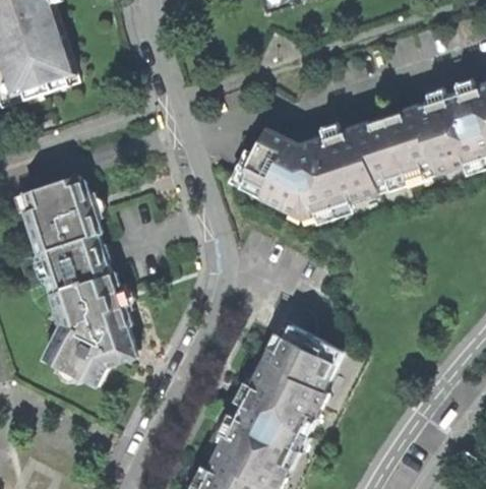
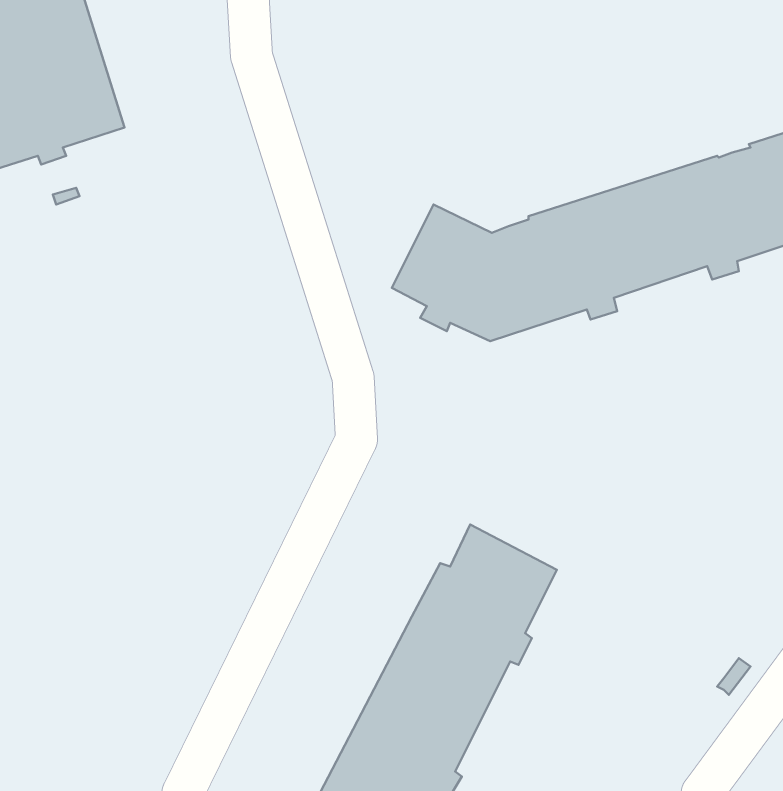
building: [15,177,135,382] -> none

